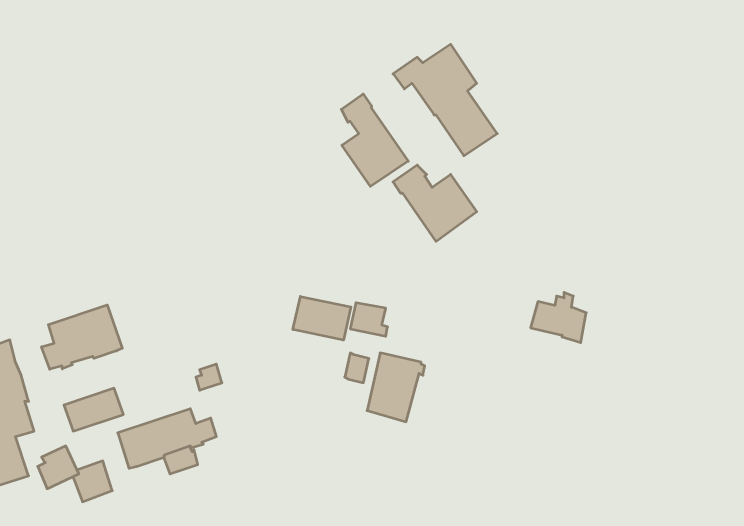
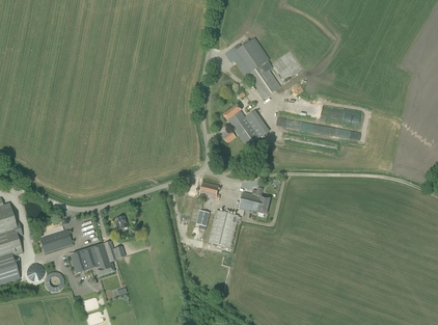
building: [341,94,408,186] -> none
building: [531,292,586,343] -> [239,186,270,214]
building: [293,296,351,340] -> none
building: [42,305,122,369] -> none

